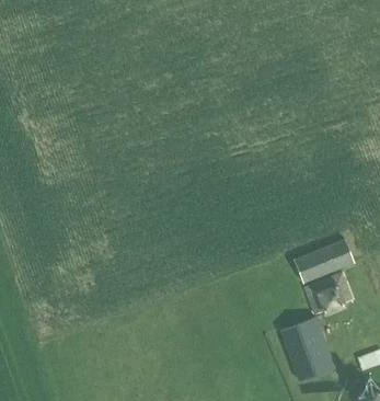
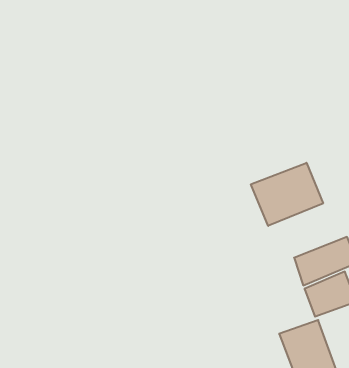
building: none -> [251,163,323,226]

